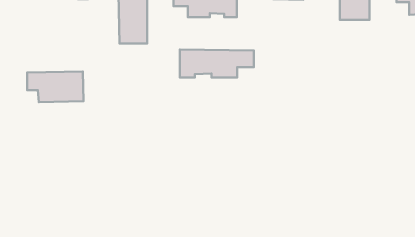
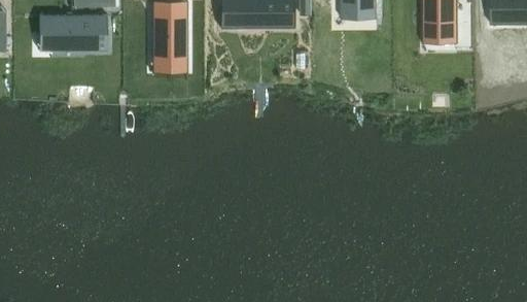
building: [180,50,254,77] -> none
building: [27,72,84,102] -> [39,14,108,52]

